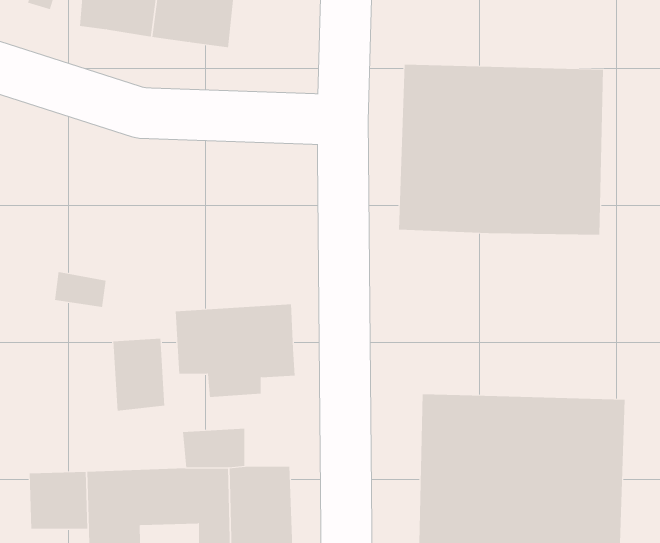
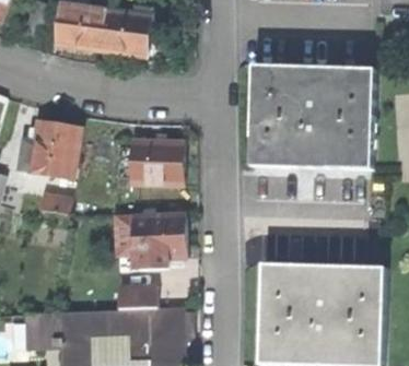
building: none -> [20,119,79,177]
building: none -> [130,140,184,182]
building: [113,338,165,411] -> none

